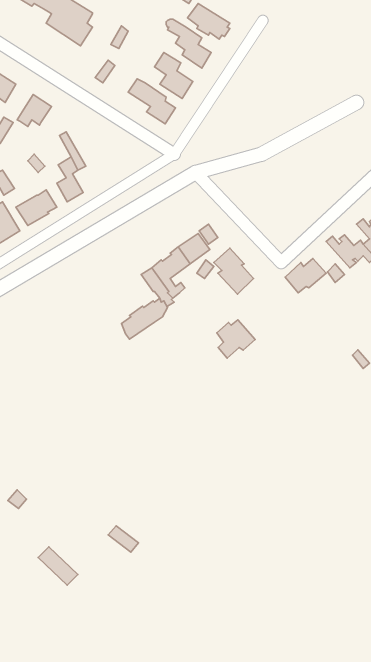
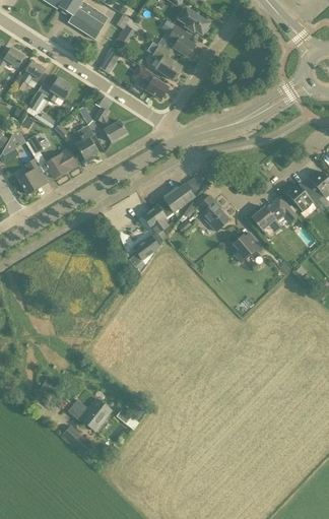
building: none -> [94,108,127,142]
building: [217,320,255,358] -> [233,233,262,262]
building: none -> [67,398,111,430]

